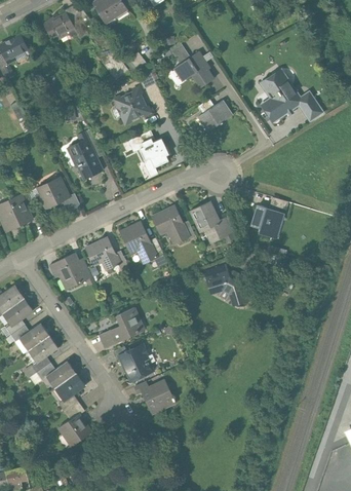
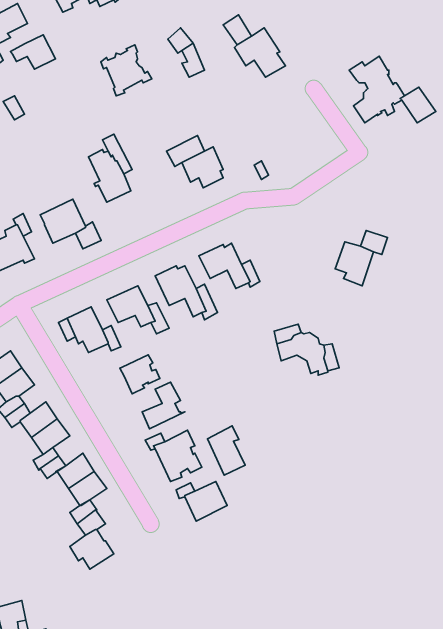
building: none -> [10,35,56,69]
building: [115,87,152,124] -> [101,45,152,96]
building: [202,102,233,130] -> none
building: [191,203,231,243] -> none
building: none -> [120,355,160,394]
building: none -> [207,426,245,475]

